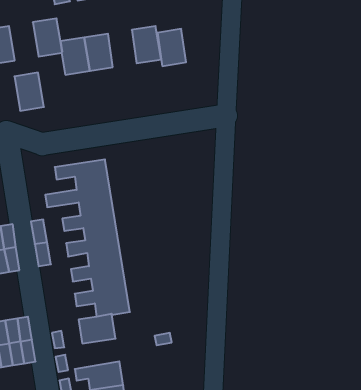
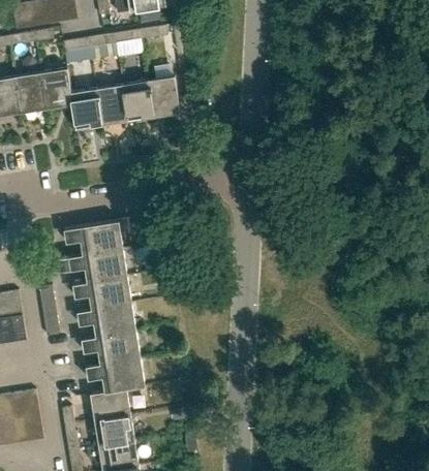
building: [158,29,186,66] -> [121,80,152,120]
building: [14,73,44,111] -> [13,71,45,113]
building: none -> [93,414,133,445]

